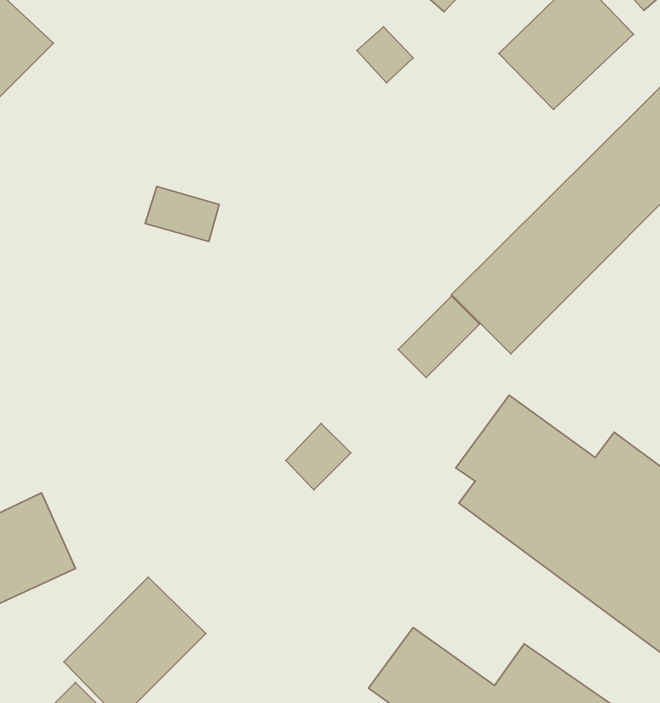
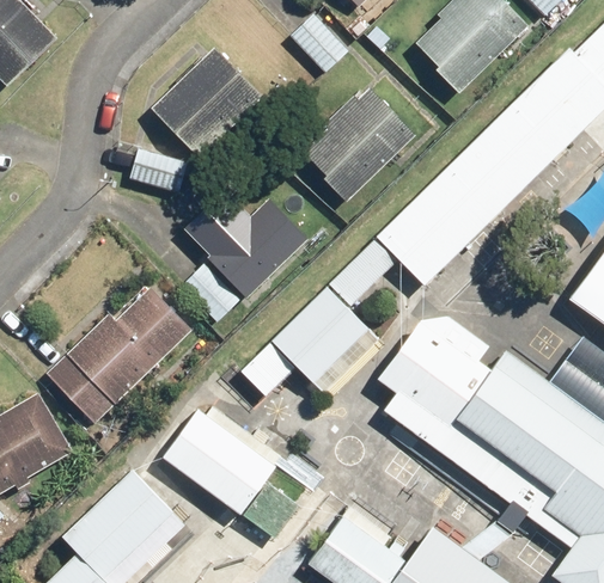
building: none -> [157,55,258,155]
building: none -> [303,103,403,203]
building: none -> [185,183,299,294]
building: none -> [273,287,368,381]
building: none -> [57,302,182,428]
building: none -> [164,406,277,509]

